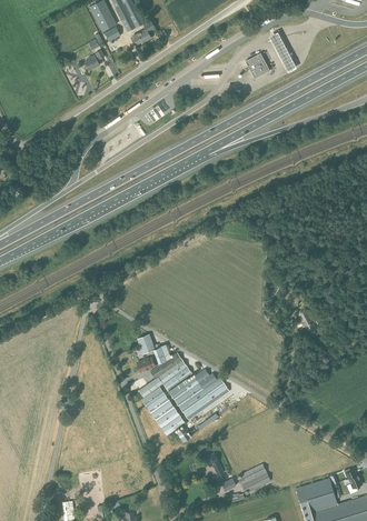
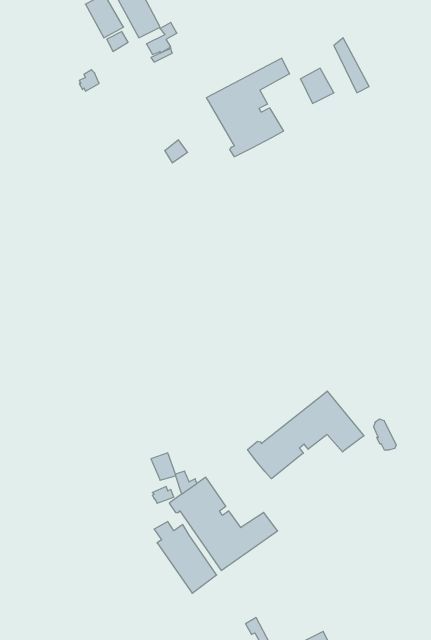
building: none -> [206,58,290,157]
building: none -> [248,391,364,479]

